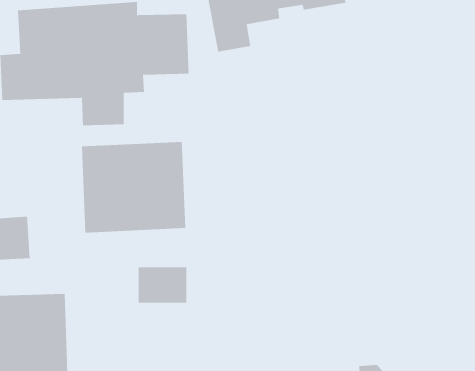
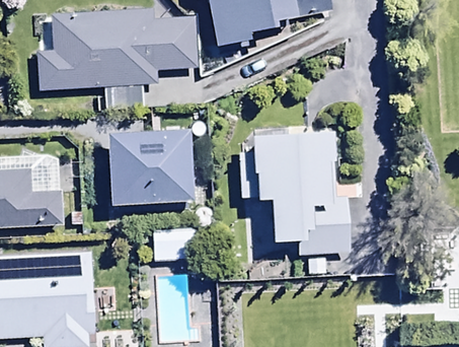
building: none -> [240,131,348,249]

